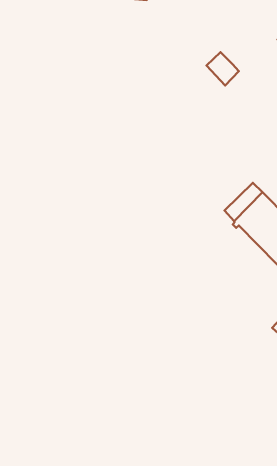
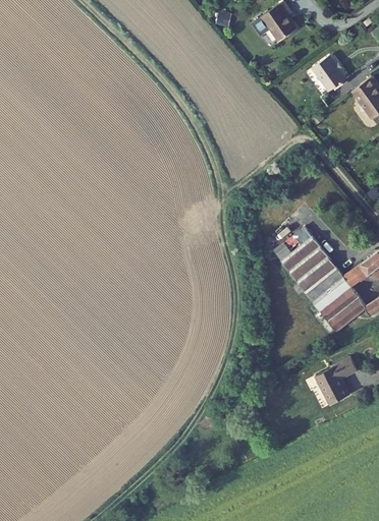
building: [207,52,239,86] -> [321,55,353,90]

